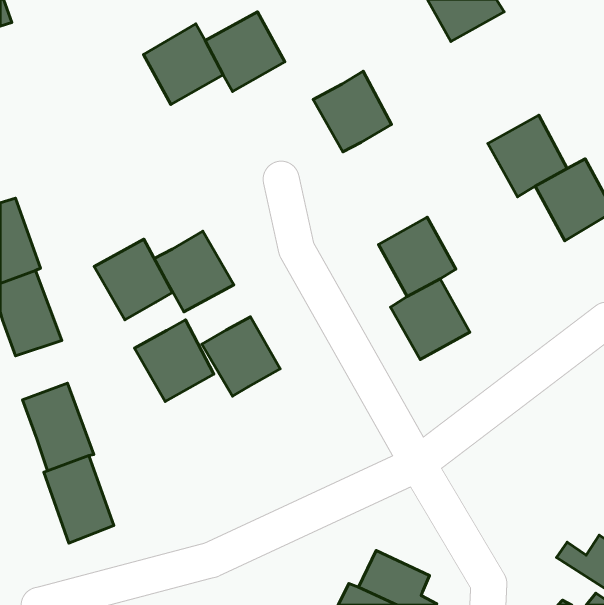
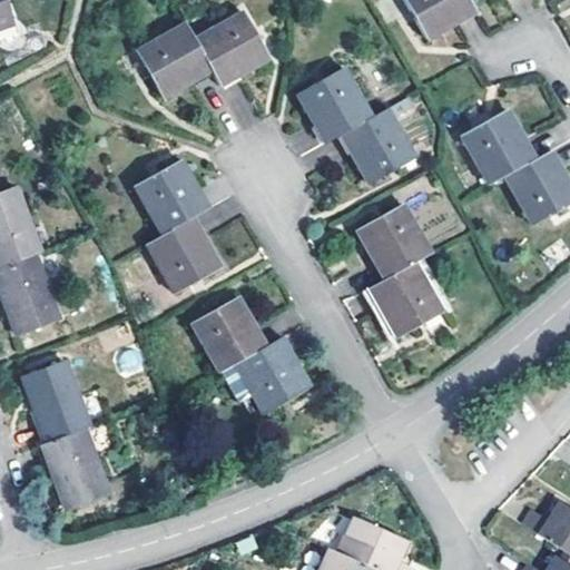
building: none -> [341,96,415,184]
building: [94,239,172,320] -> [135,158,208,234]
building: [134,320,214,402] -> [235,336,309,413]

